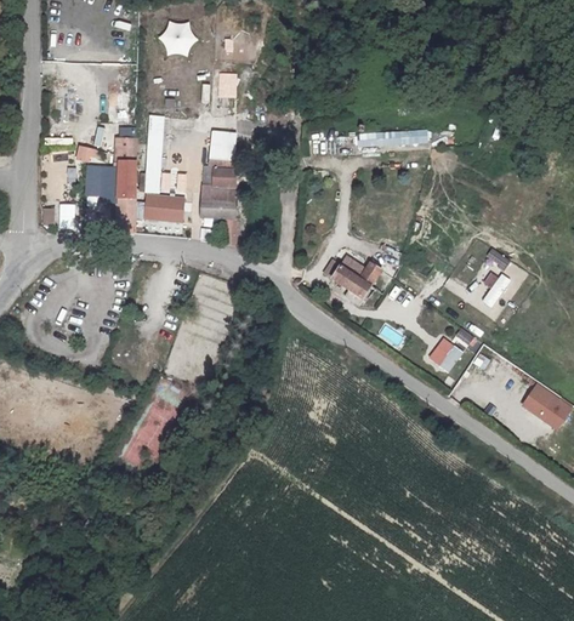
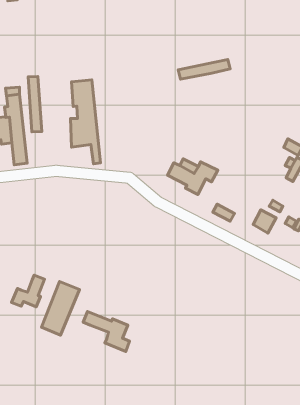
building: [157,21,203,56] -> none
building: [144,193,184,221] -> none
building: none -> [11,275,45,307]
building: none -> [83,311,129,352]

